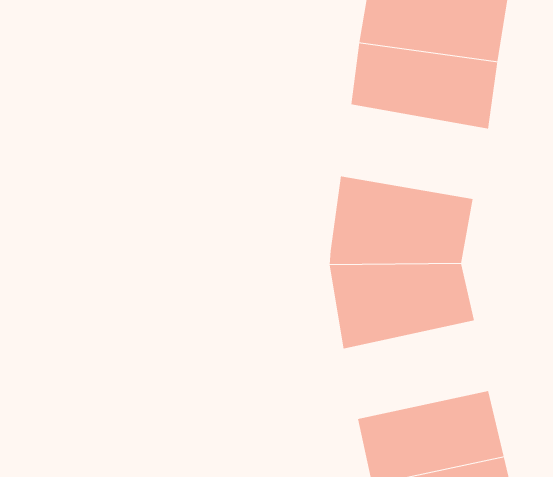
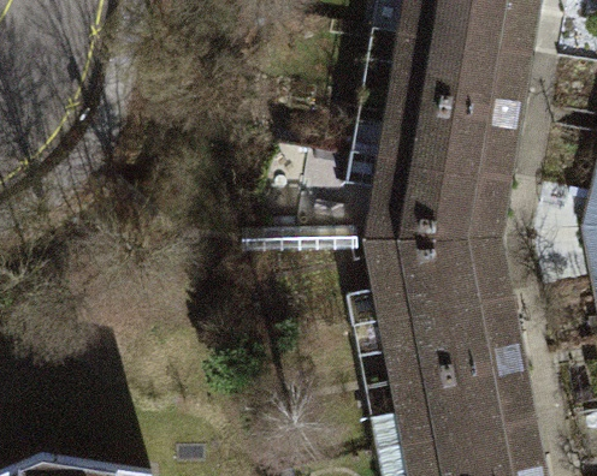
building: none -> [377,114,515,202]
building: none -> [379,315,515,406]

